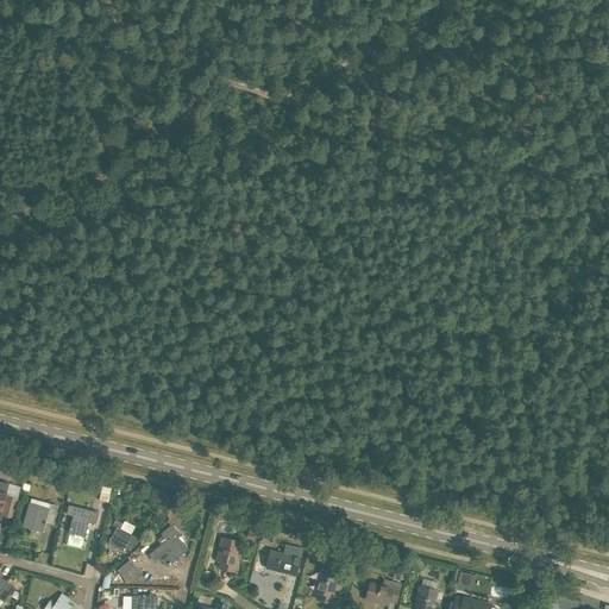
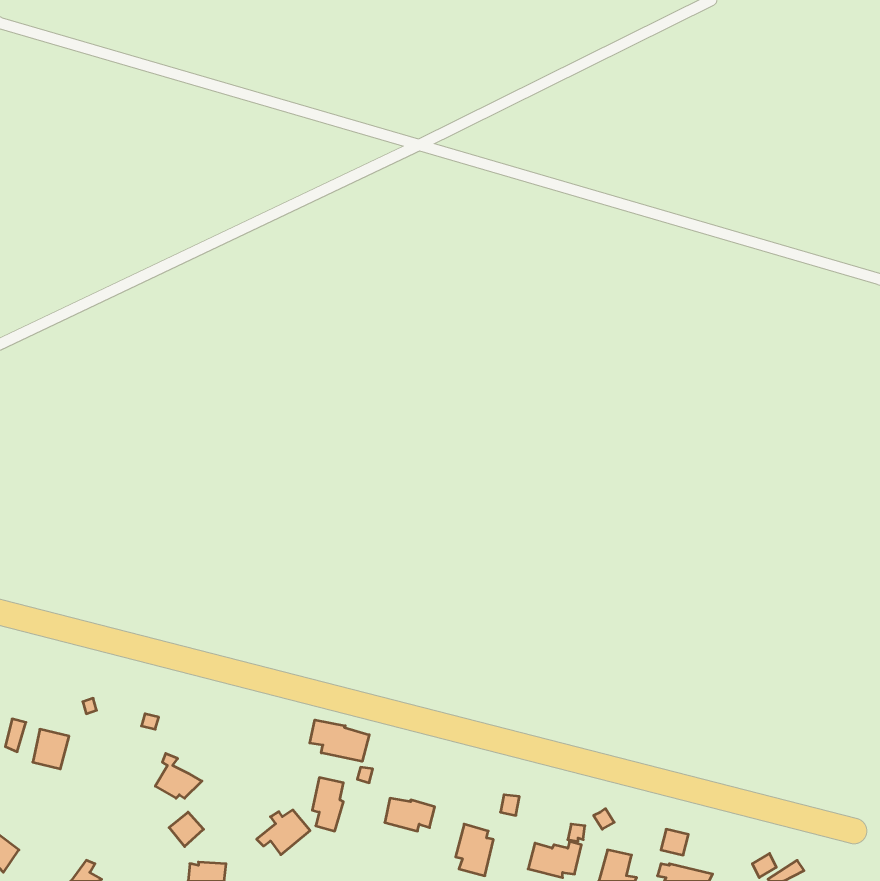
building: none -> [310,720,369,761]
building: [68,507,107,536] -> none
building: [149,534,186,565] -> [257,810,310,855]

